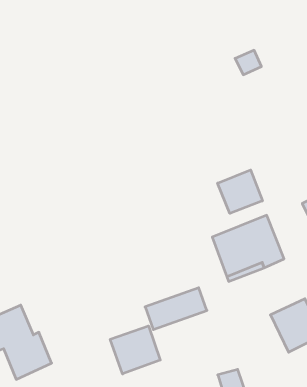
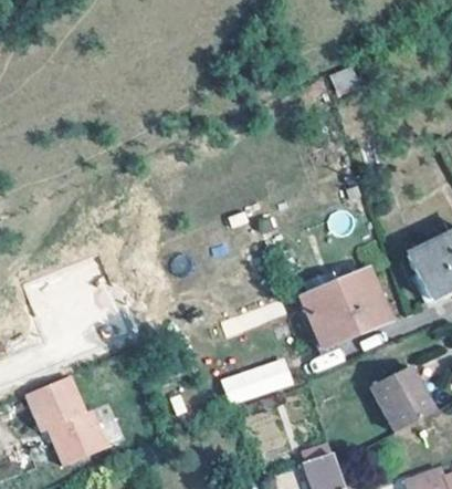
building: [218,170,262,213] -> none
building: [110,326,160,374] -> none

